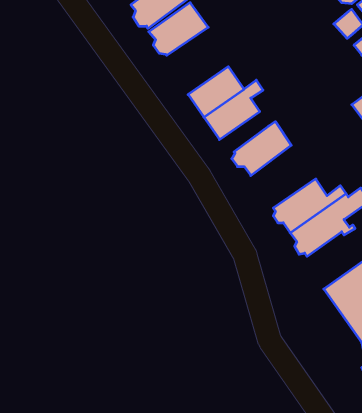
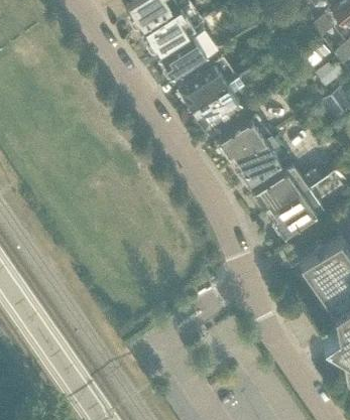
building: none -> [163,38,209,82]
building: none -> [235,137,286,187]

